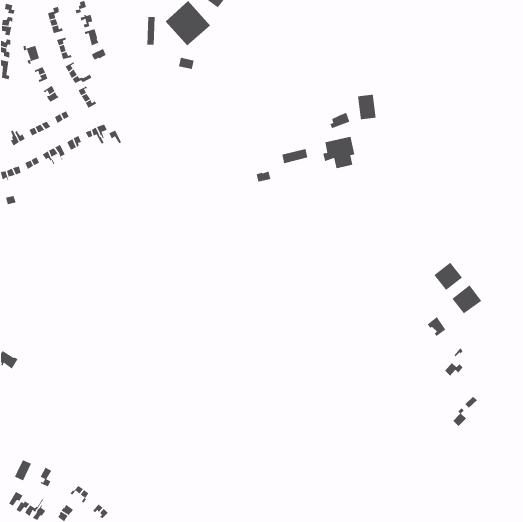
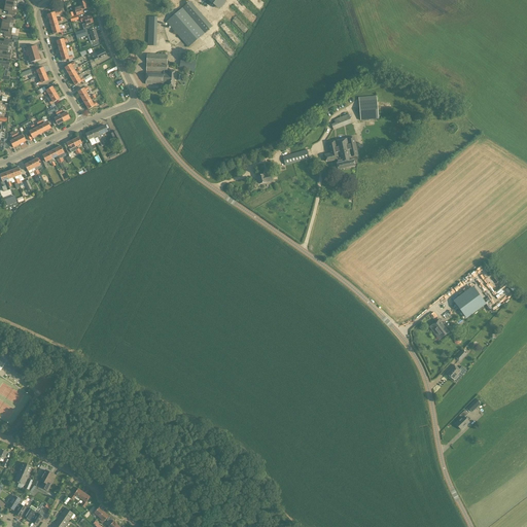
building: none -> [146,54,175,86]
building: [434,262,463,291] -> none

